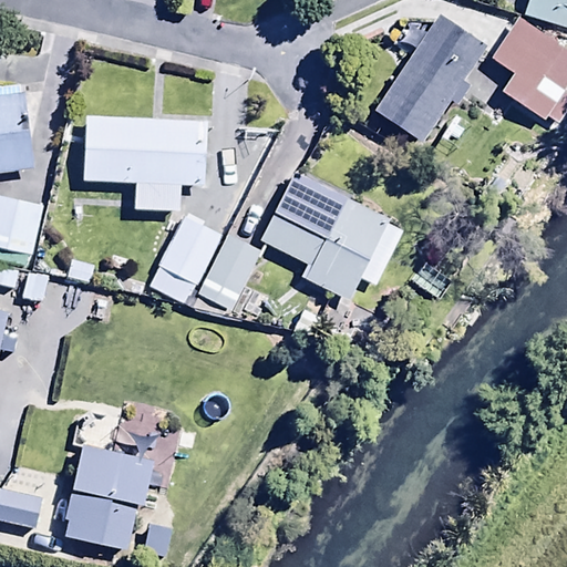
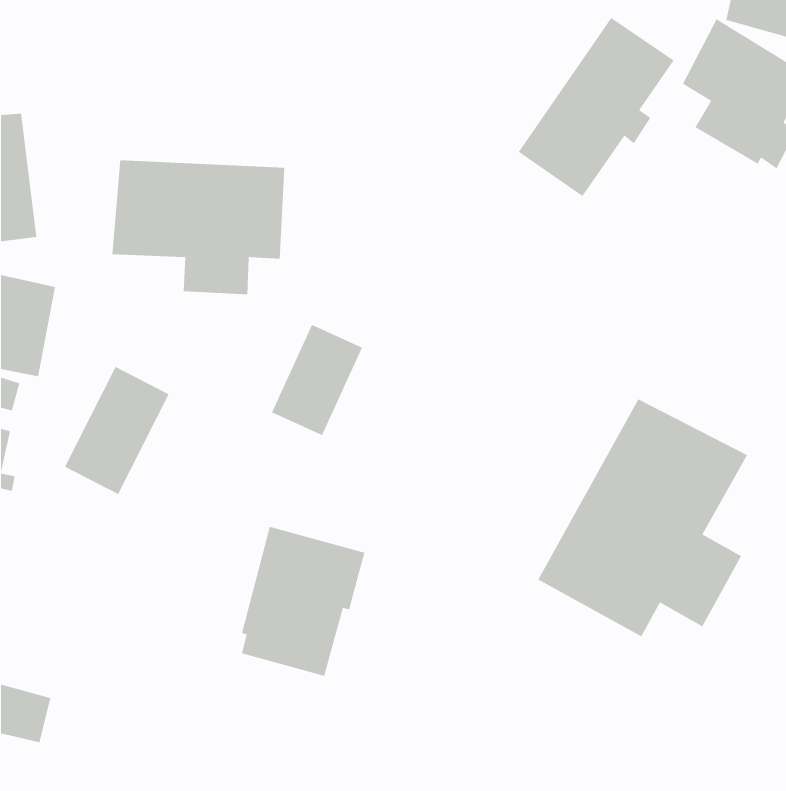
building: [259,186,403,302] -> none
building: [148,214,224,306] -> [64,366,170,495]
building: none -> [537,398,748,637]
building: [63,442,152,549] -> [241,526,365,677]

